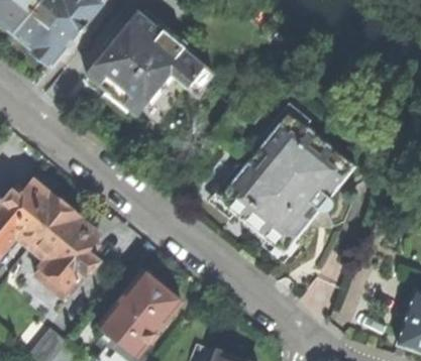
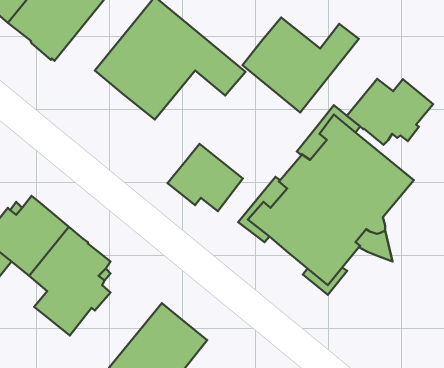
building: none -> [243,17,359,112]
building: none -> [347,79,433,145]
building: none -> [168,144,243,211]

